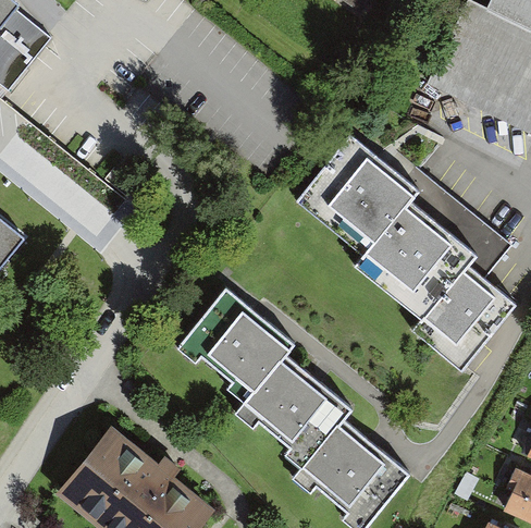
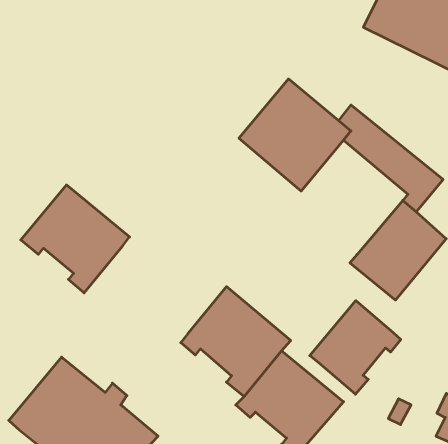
building: [355,200,476,320] -> none
building: [178,290,293,403] -> [21,185,130,293]
building: none -> [310,301,401,394]

